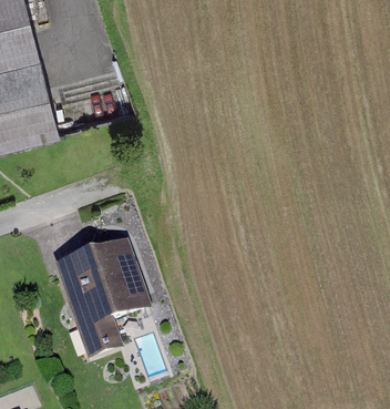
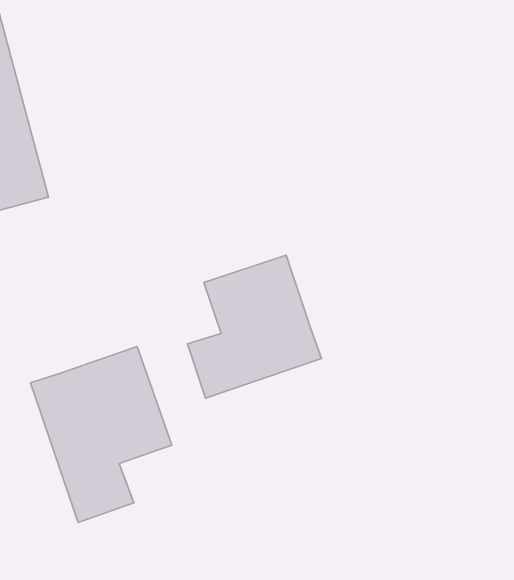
building: none -> [188,255,322,398]

